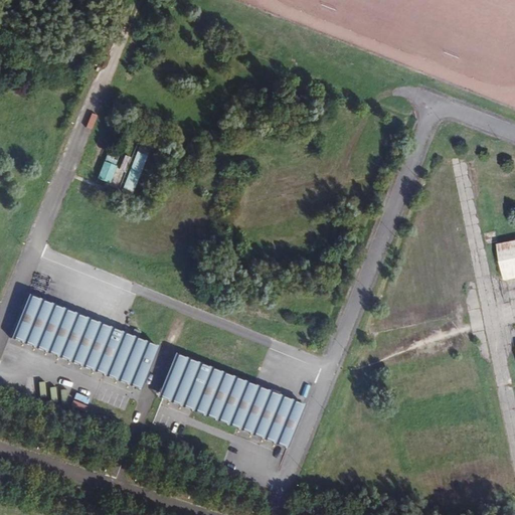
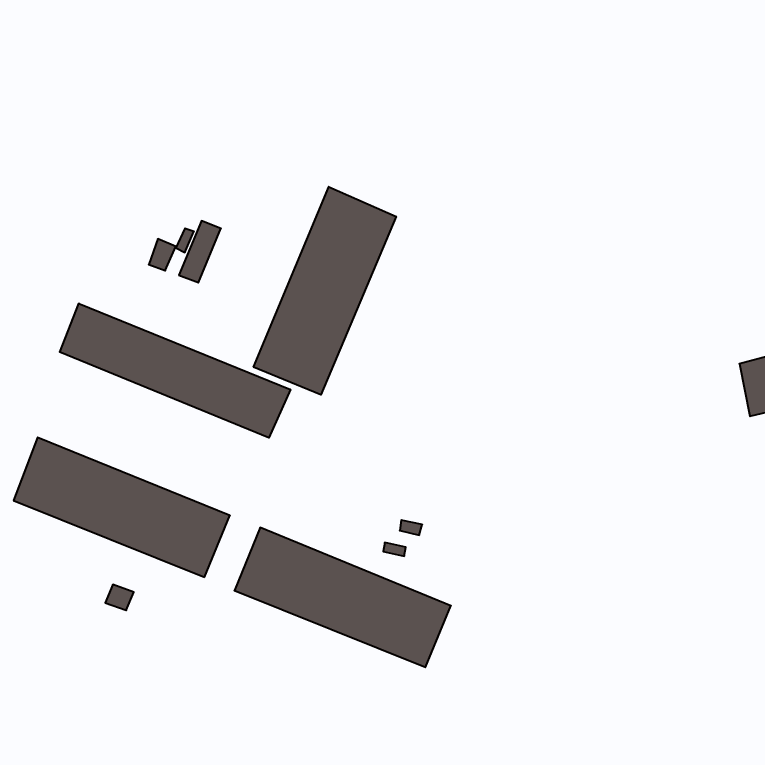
building: none -> [254,187,396,395]
building: none -> [60,303,290,438]

